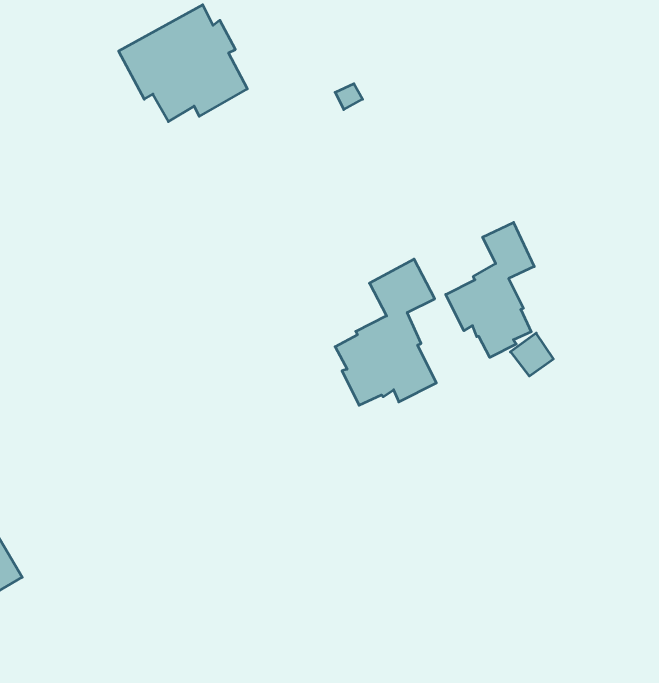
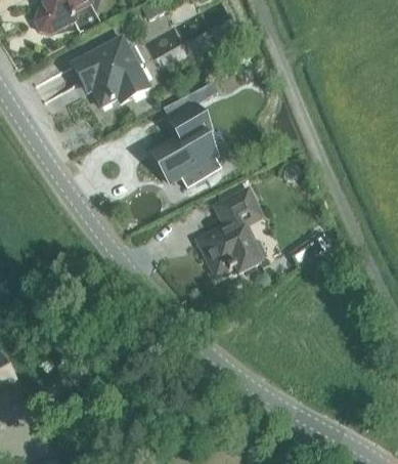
building: none -> [152,103,222,185]
building: [446,222,534,357] -> none

